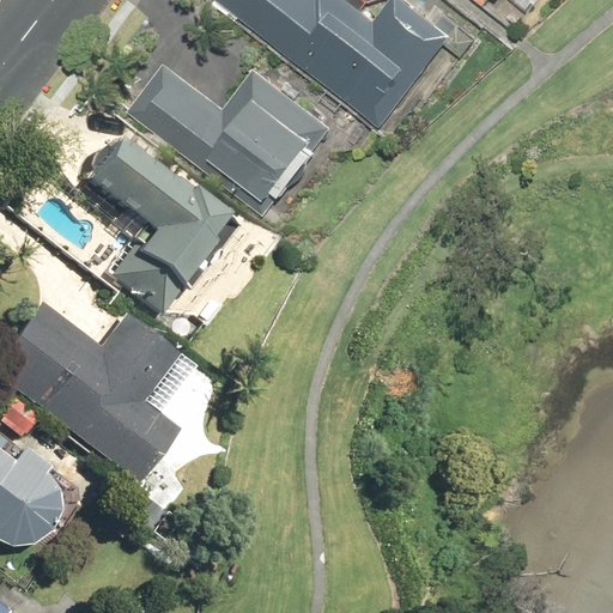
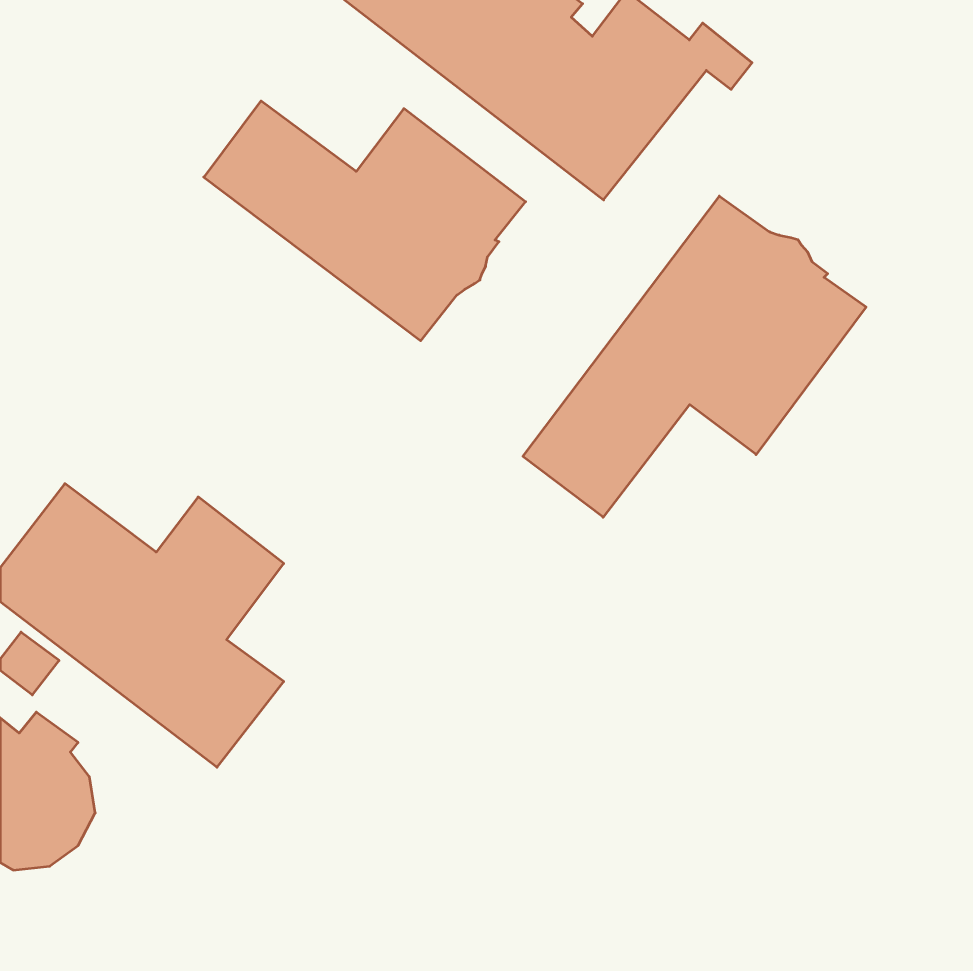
building: none -> [523,196,866,517]
building: [87,135,236,314] -> none

